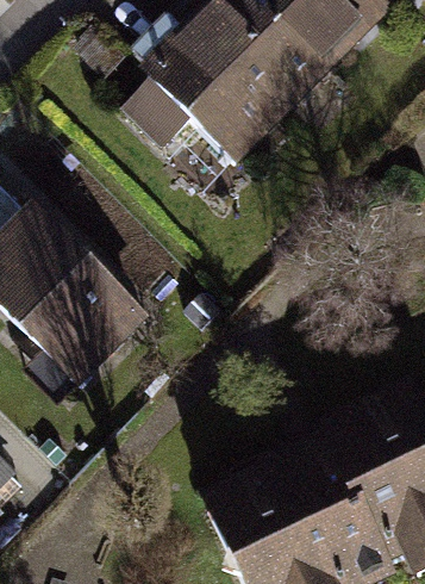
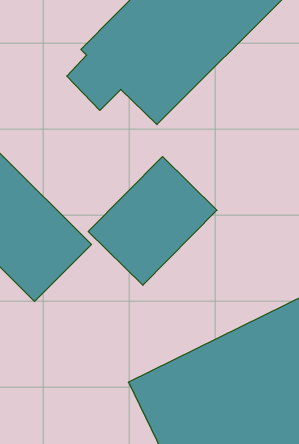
building: none -> [88,157,217,285]

